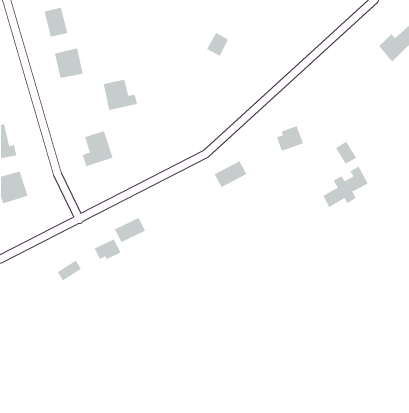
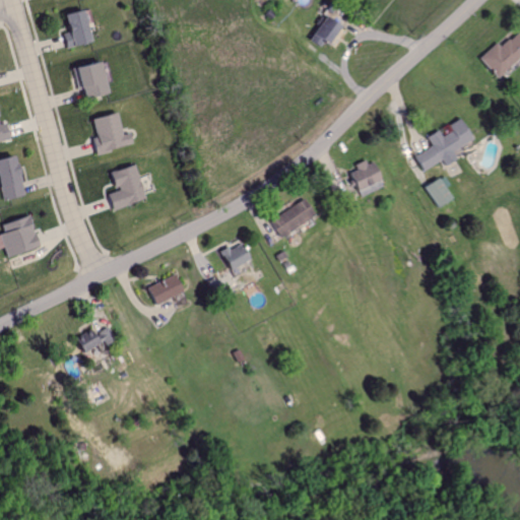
building: [206,32,229,56] -> [315,15,343,46]
building: [103,79,138,111] -> [90,113,134,152]
building: [322,166,369,208] -> [416,118,474,171]
building: none -> [222,241,251,270]
building: [94,238,121,260] -> none

